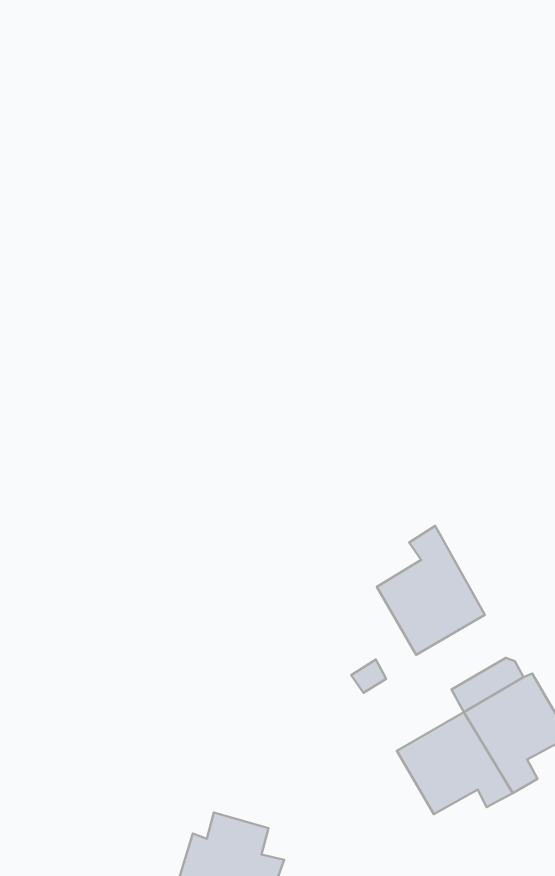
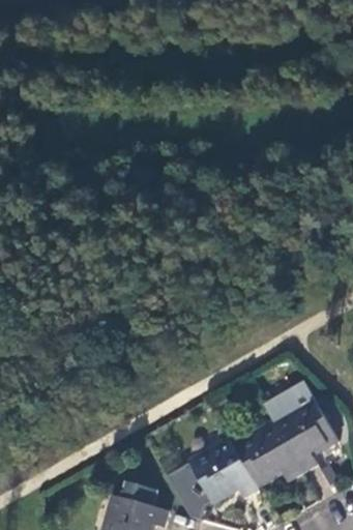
building: [377,526,485,655] -> none
building: none -> [176,442,258,510]

